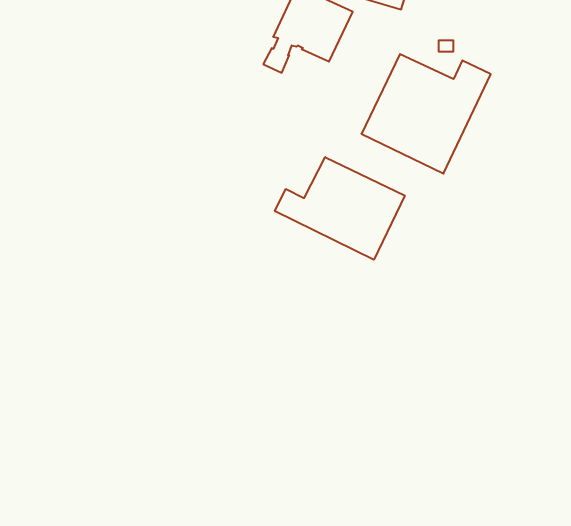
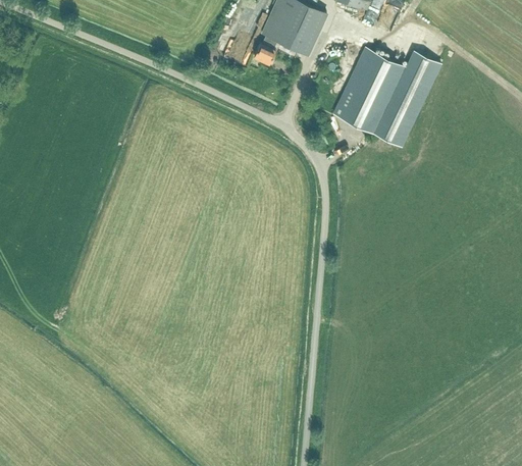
building: [275,157,405,260] -> none

